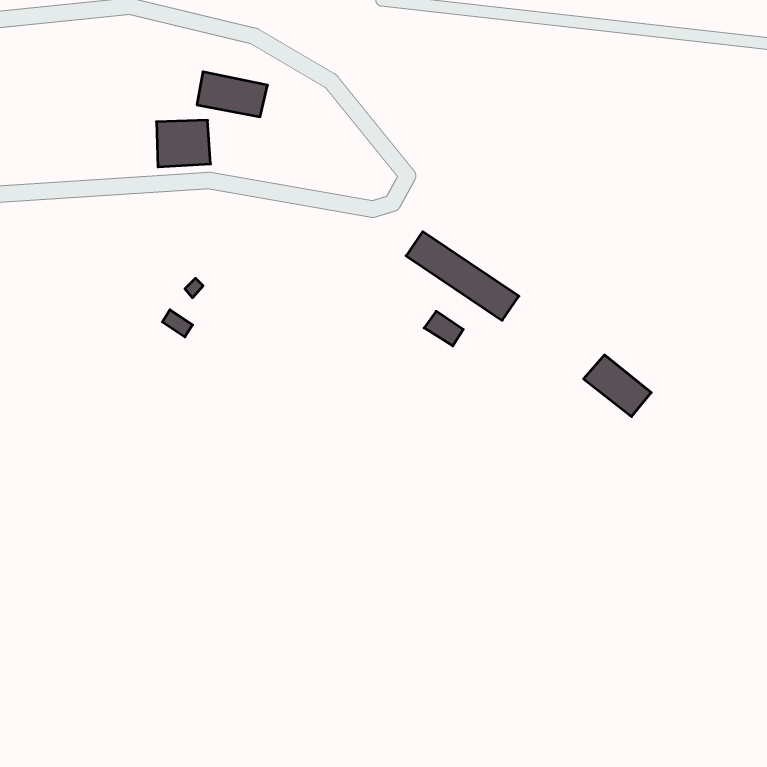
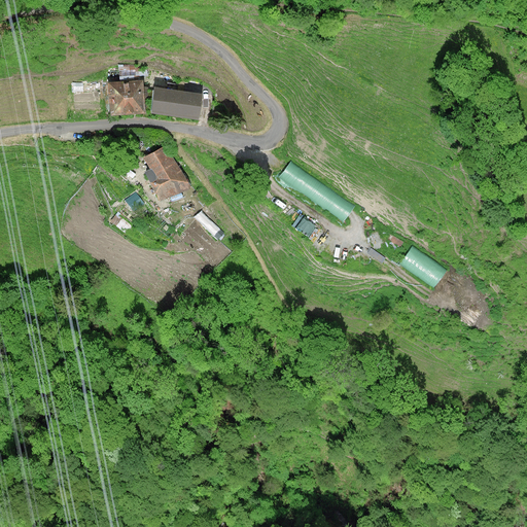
building: [197,72,268,117] -> [151,89,200,119]
building: none -> [144,150,187,205]

